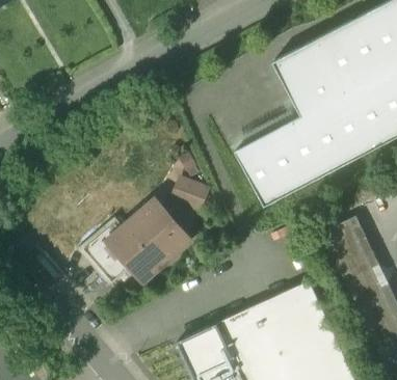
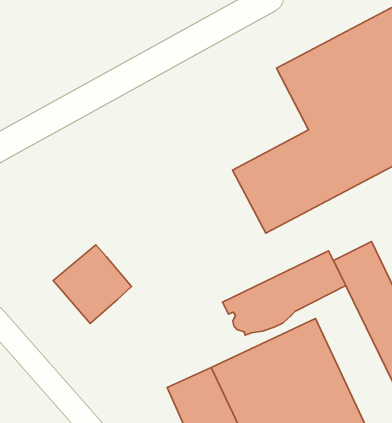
building: [171,177,203,209] -> none
building: [125,200,187,275] -> none
building: none -> [222,251,346,335]

